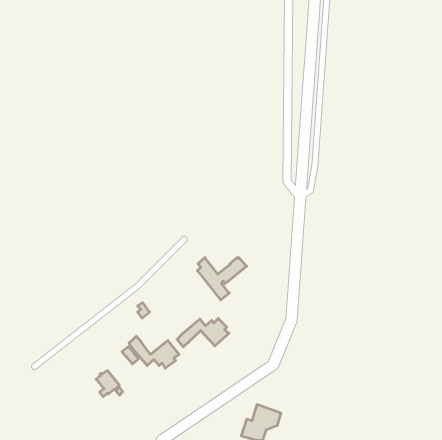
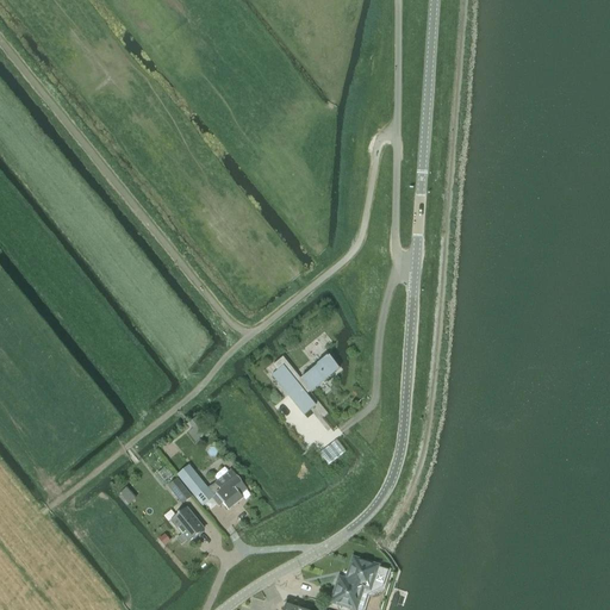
building: [177,318,229,347] -> none
building: [96,371,119,397] -> [172,508,204,543]

